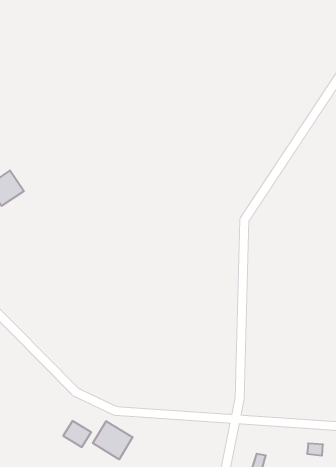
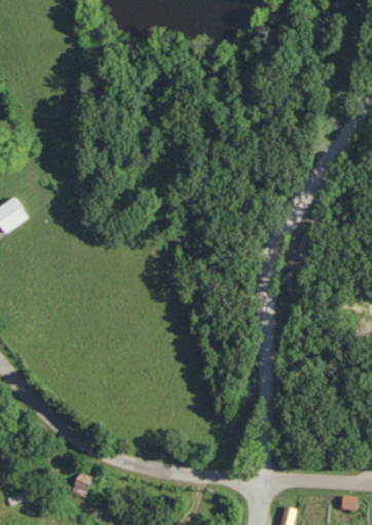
building: [93,421,133,459] -> none

